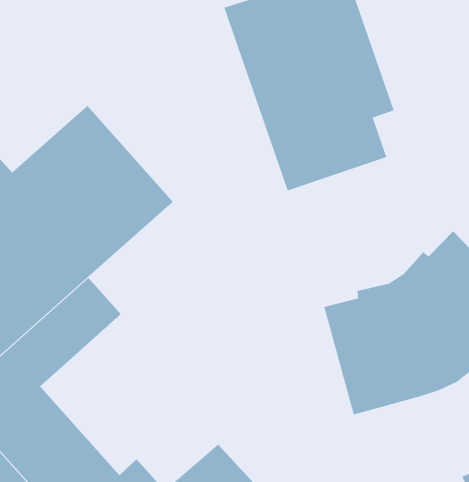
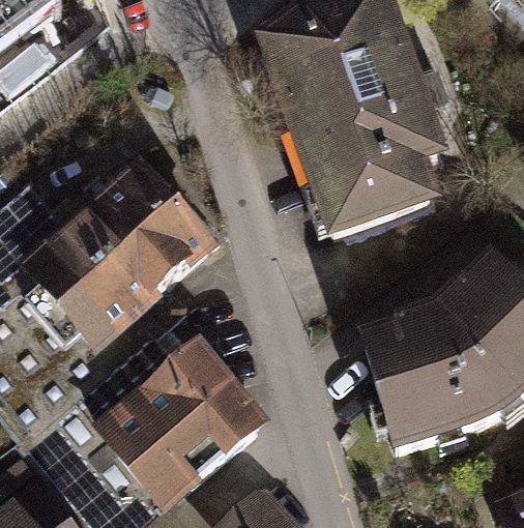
building: none -> [90,333,268,510]

